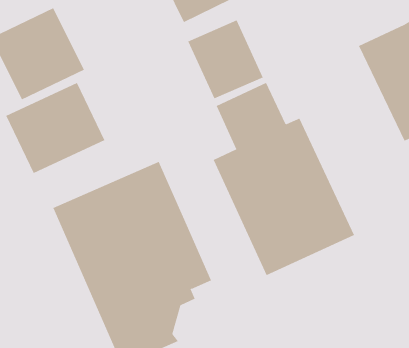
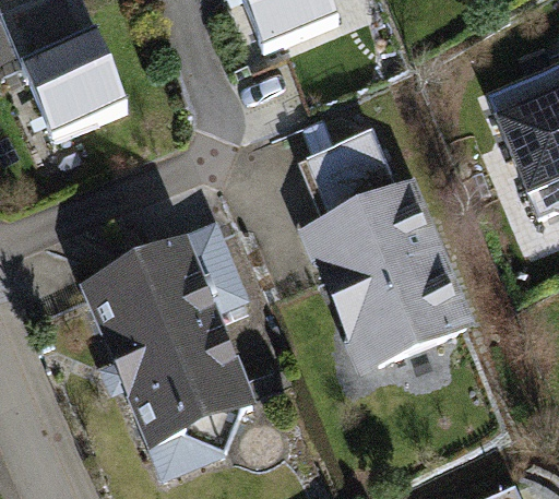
building: [187,20,264,99] -> none
building: [6,82,105,174] -> none

